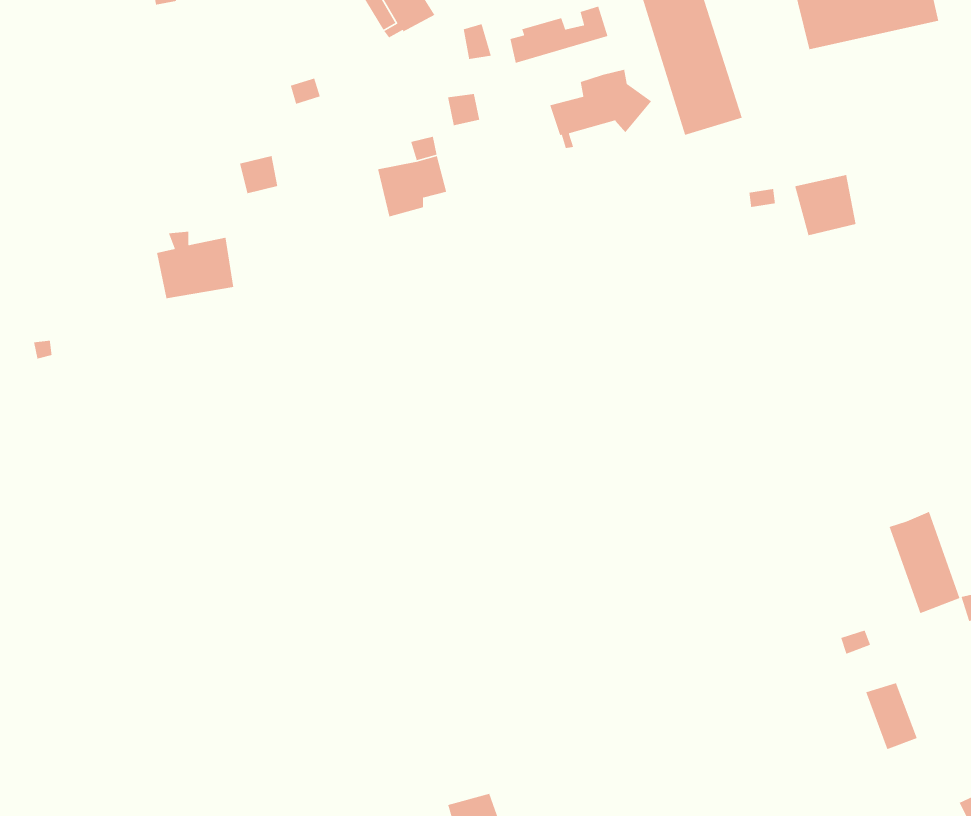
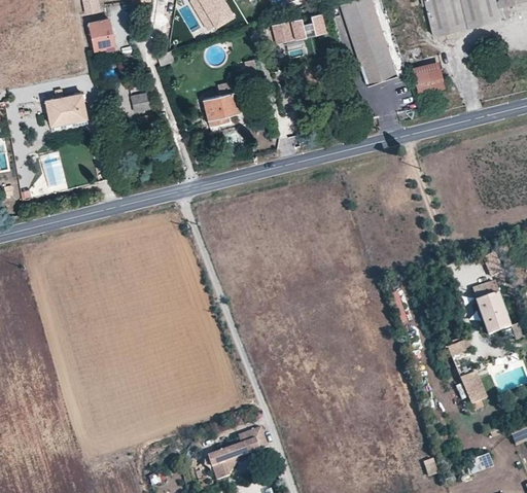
building: none -> [86,17,114,50]
building: [549,69,652,149] -> none
building: [794,174,856,236] -> [411,61,444,94]
building: [156,231,234,299] -> [44,89,85,125]

